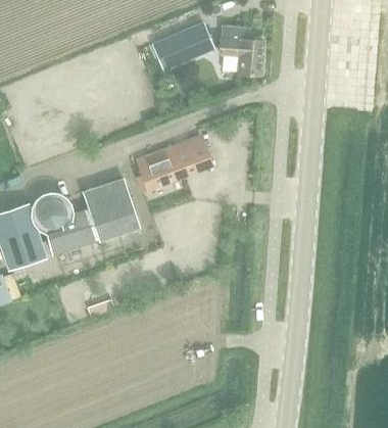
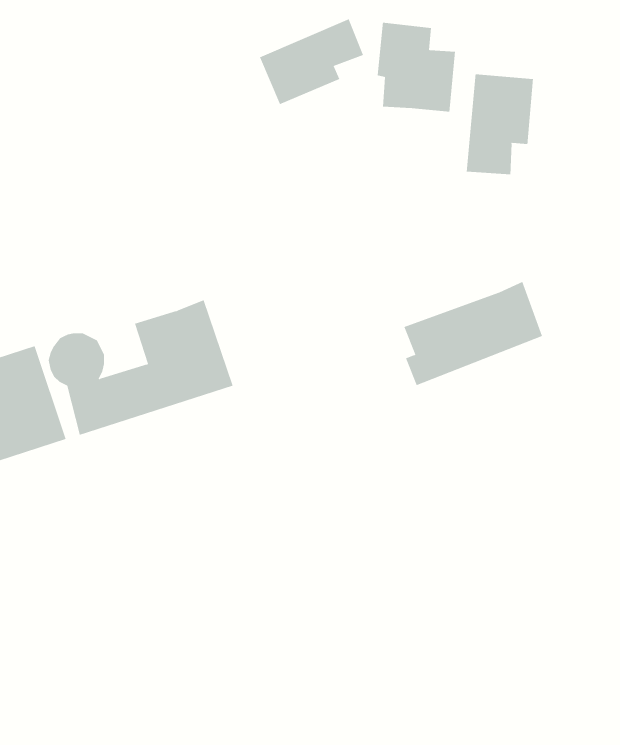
building: none -> [466,74,534,175]
building: [136,134,213,192] -> [403,281,543,386]

